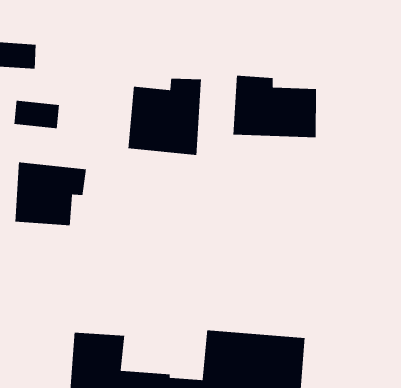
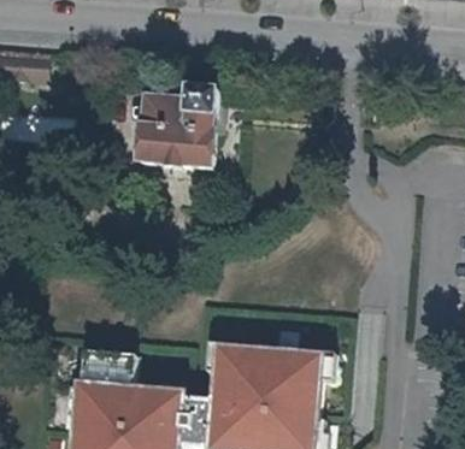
building: [232,75,317,138] -> none
building: [14,162,87,226] -> none

